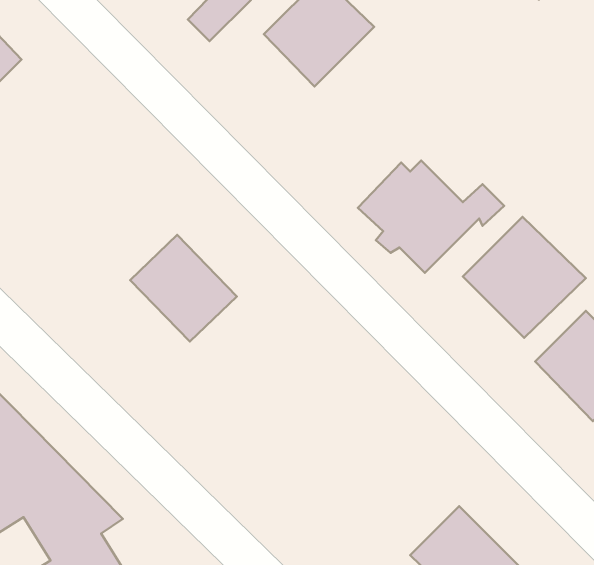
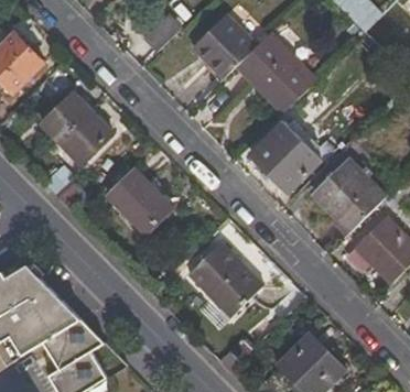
building: none -> [233,32,315,113]
building: none -> [41,94,114,165]
building: none -> [188,243,263,317]

